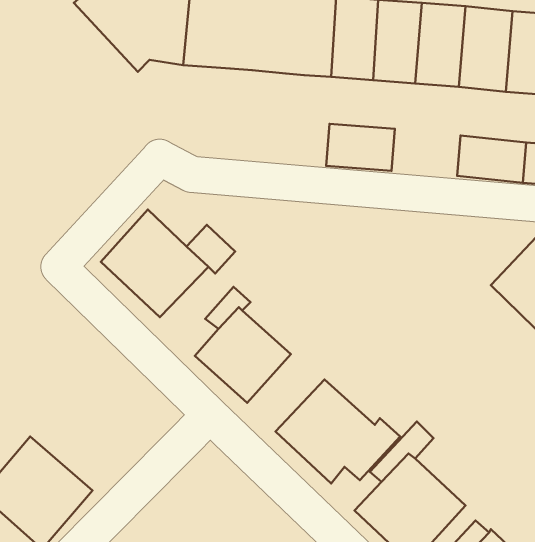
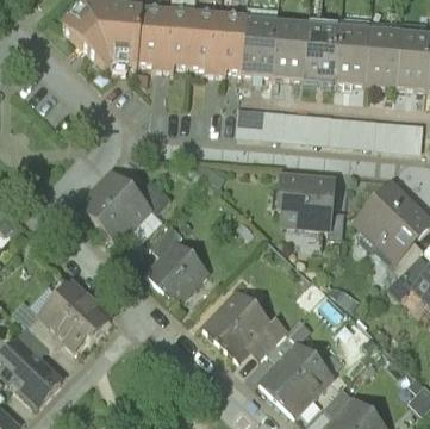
building: none -> [282,111,331,144]
building: none -> [274,172,336,232]
building: none -> [42,272,123,352]

